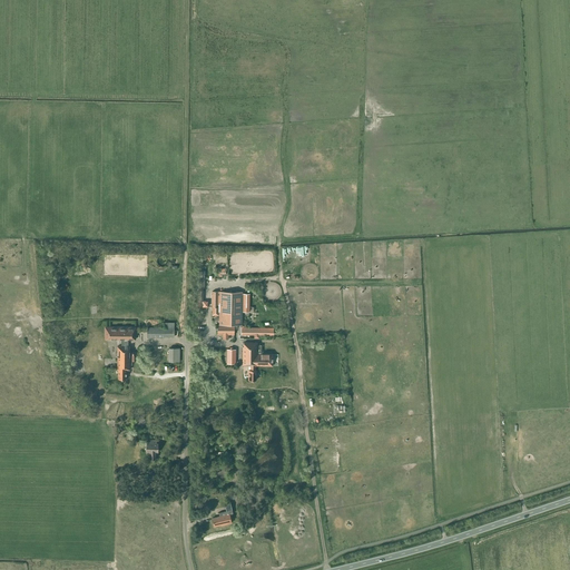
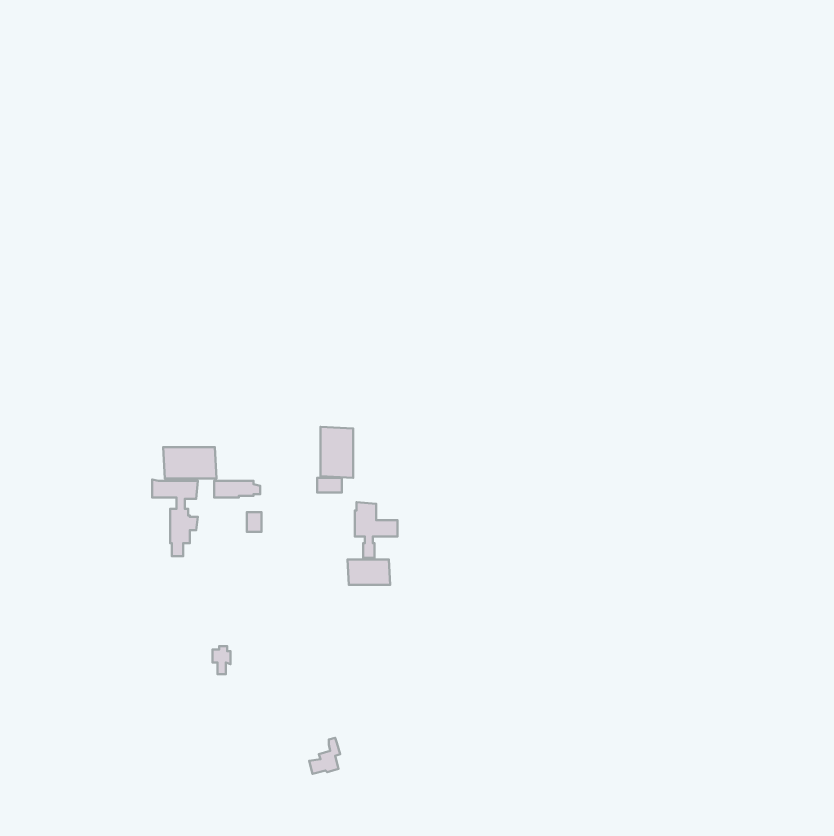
building: none -> [163,447,217,479]
building: none -> [347,559,390,585]

